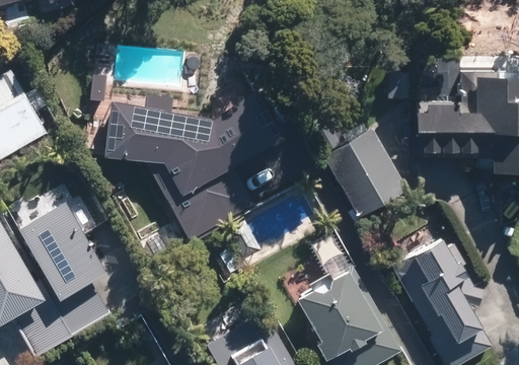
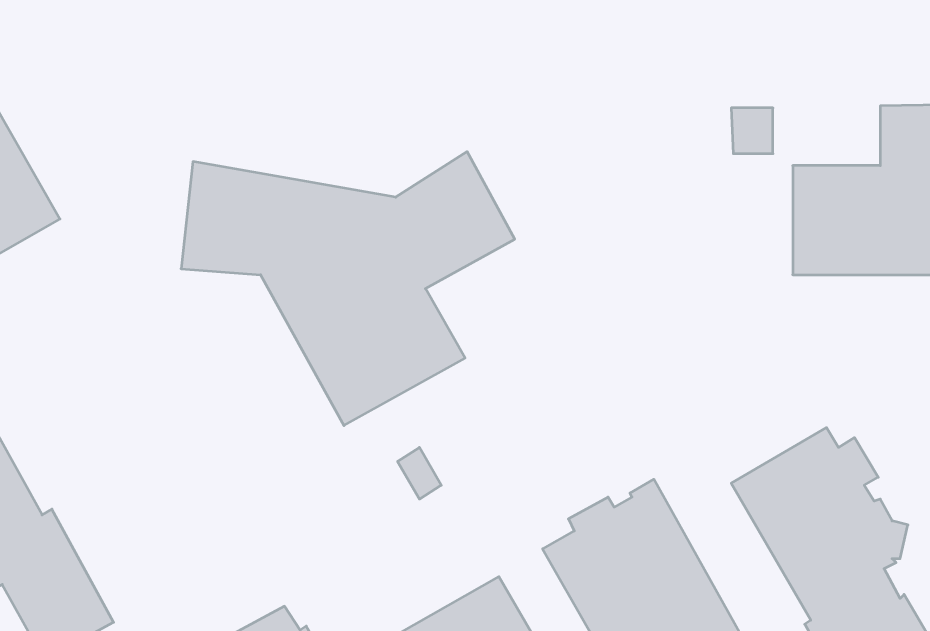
building: [320,127,403,216] -> none
building: [19,202,108,337] -> none

